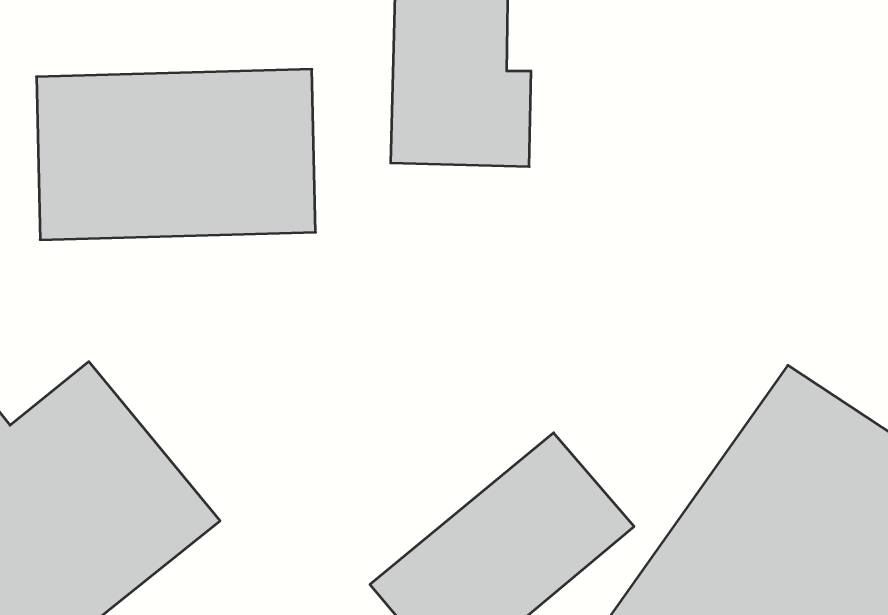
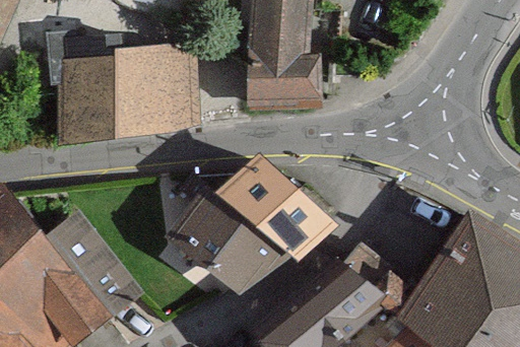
building: none -> [172,149,323,300]

